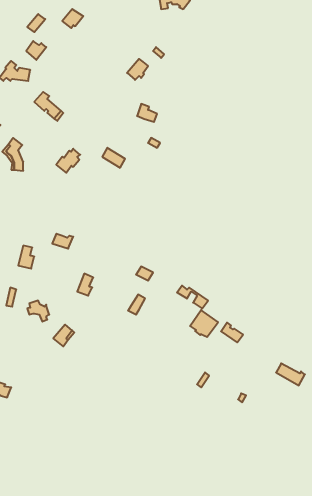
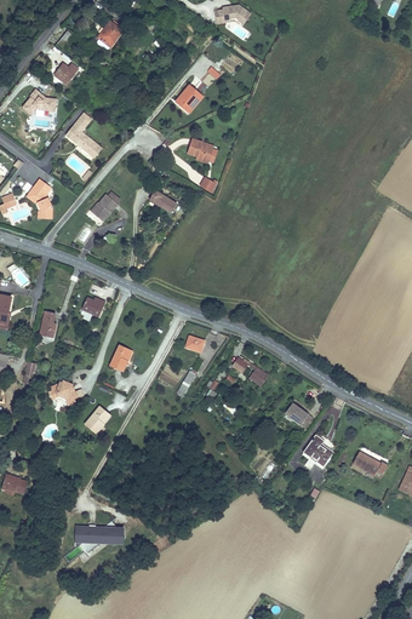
building: [190,310,218,337] -> [302,432,336,465]
building: none -> [73,522,120,555]

